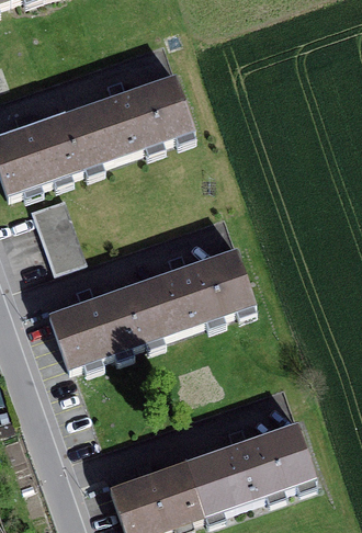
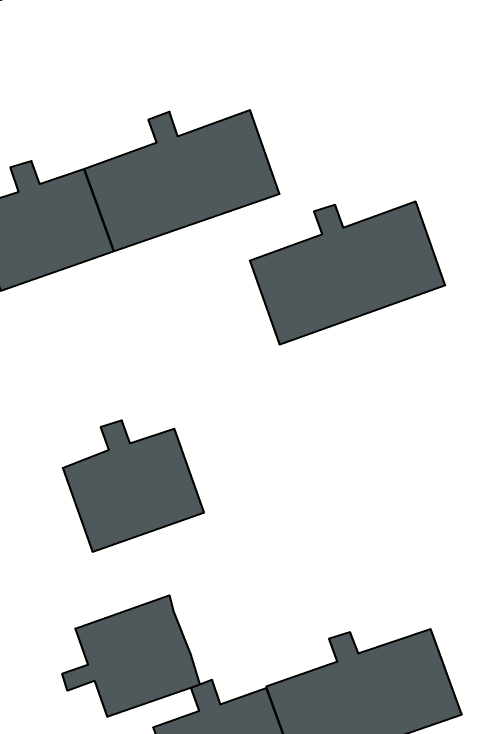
building: [30,196,84,271] -> none
building: [123,249,253,344] -> [250,202,445,344]
building: none -> [62,595,200,717]

